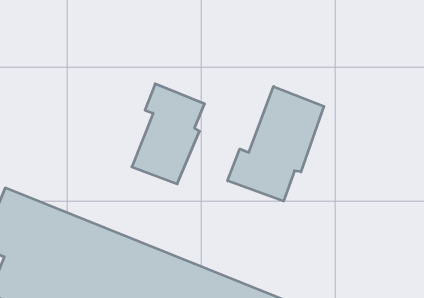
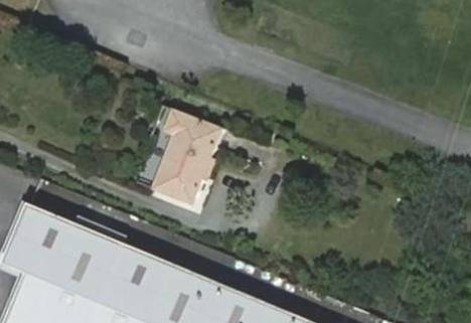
building: [228,86,324,201] -> none

